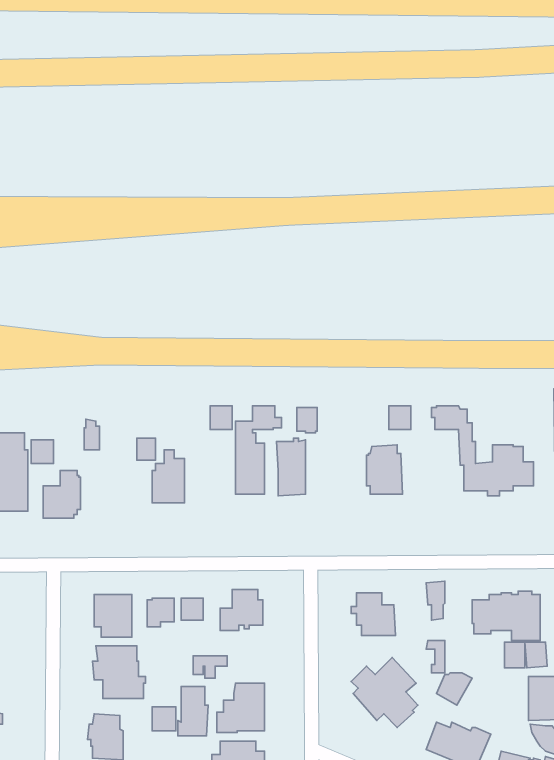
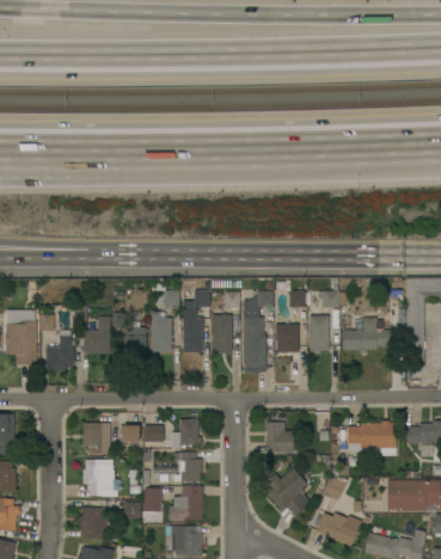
building: none -> [243,290,272,374]
building: none -> [152,312,172,352]
building: none -> [308,315,338,352]
building: none -> [84,317,109,352]
building: none -> [176,452,202,481]

